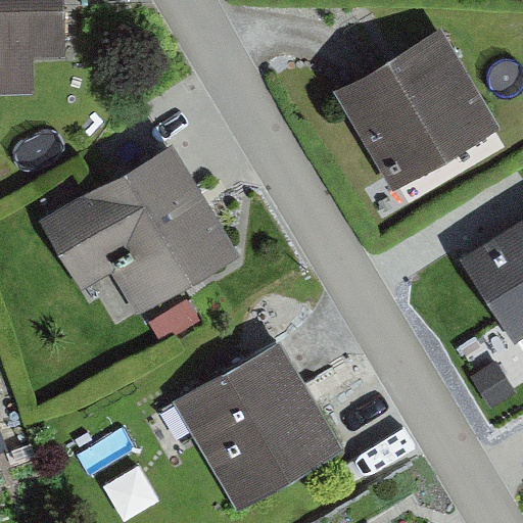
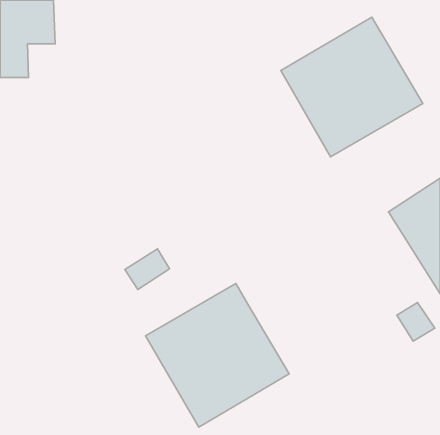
building: [38,141,241,319] -> none

